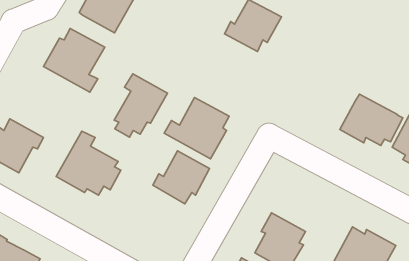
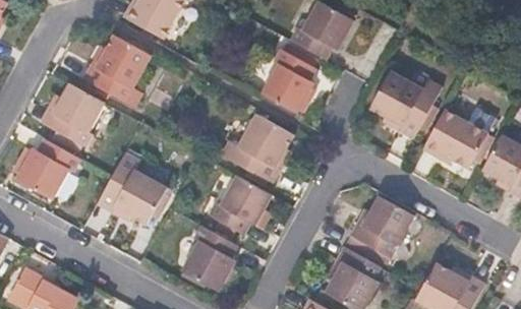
building: none -> [262,47,317,113]
building: none -> [369,69,443,138]
building: none -> [40,81,106,147]
building: [114,74,167,137] -> none
building: none -> [349,195,415,257]
building: none -> [181,224,239,291]

